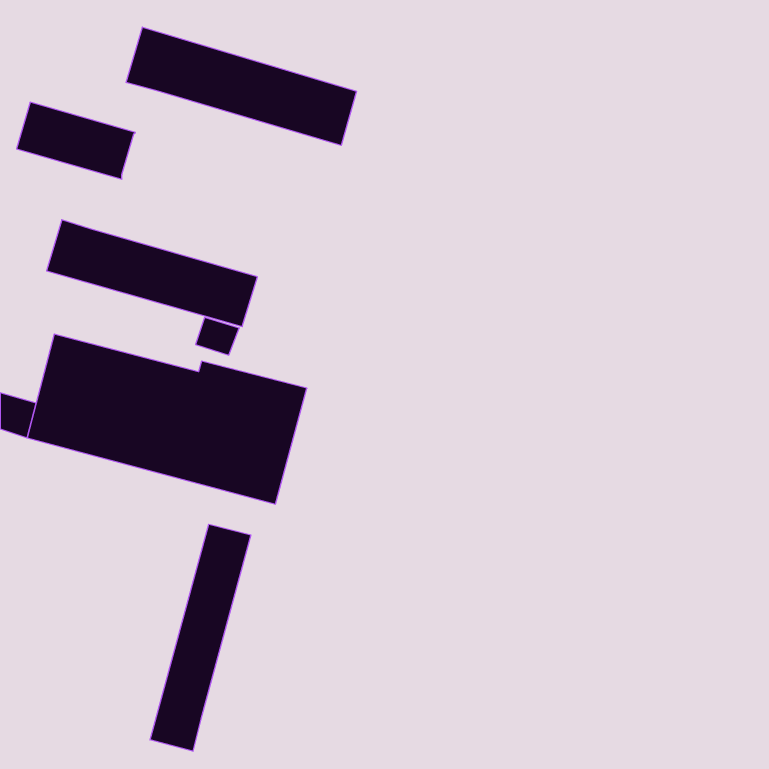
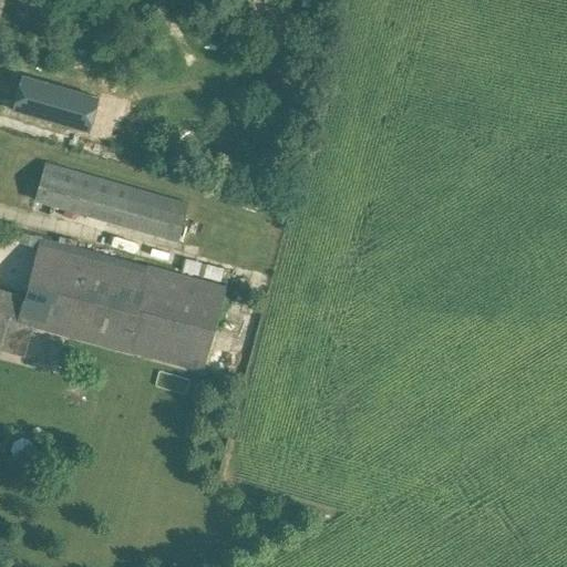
building: [126,27,357,145] -> none
building: [150,524,251,751] -> none

